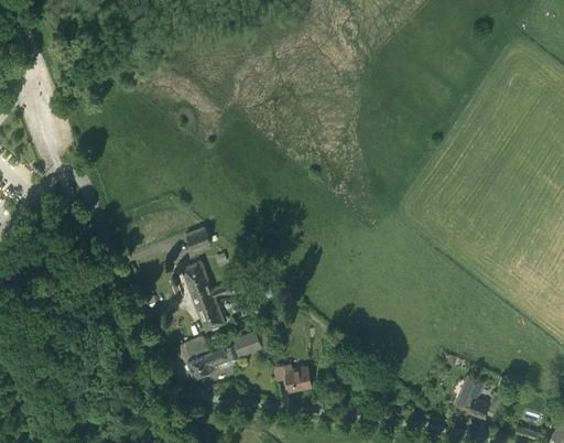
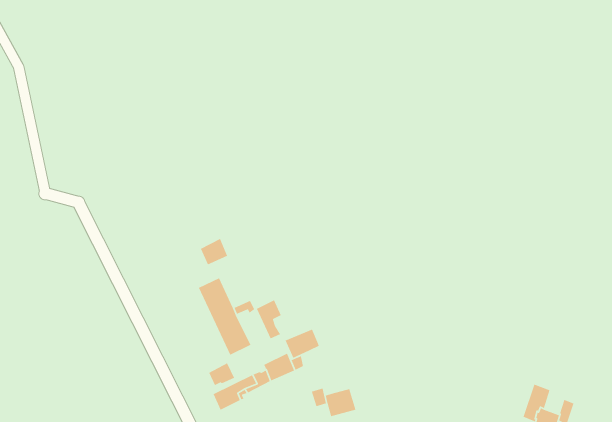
building: none -> [256,299,282,340]
building: none -> [285,328,320,359]

